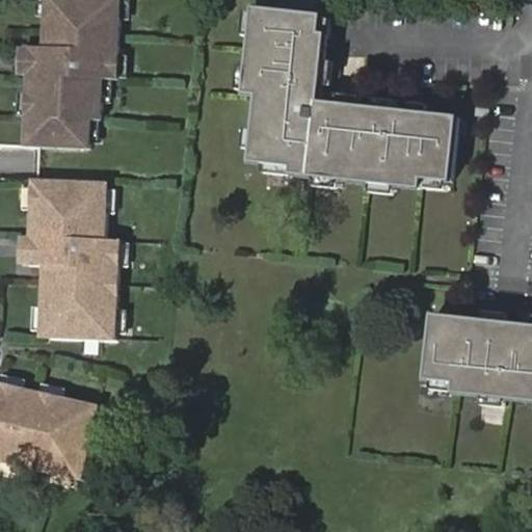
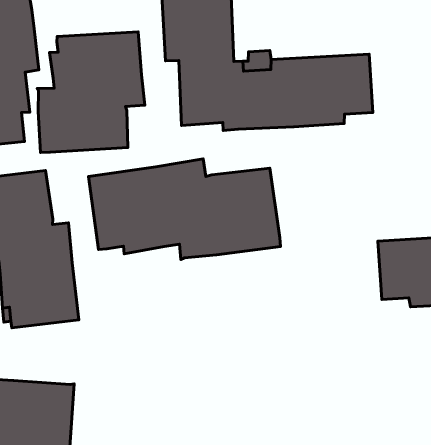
building: none -> [37,32,145,152]
building: none -> [88,159,281,259]

